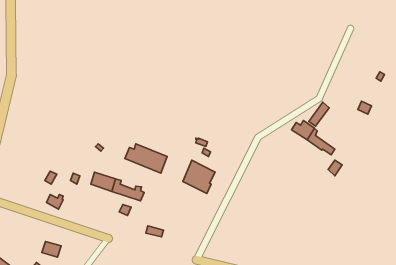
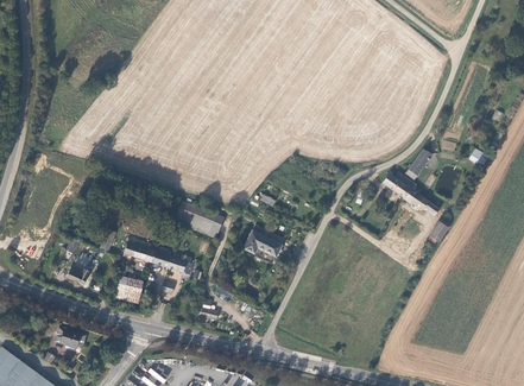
building: none -> [115,278,144,305]

